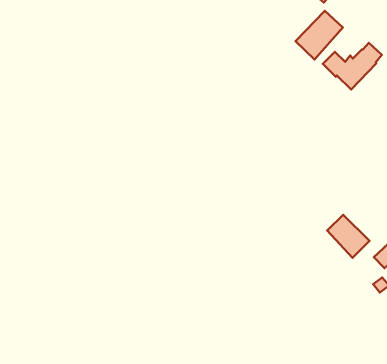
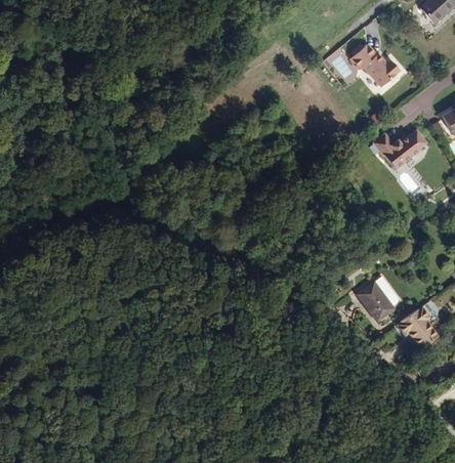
building: [295,11,343,59] -> none

